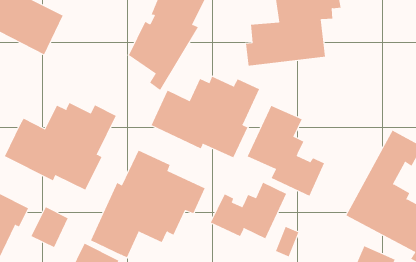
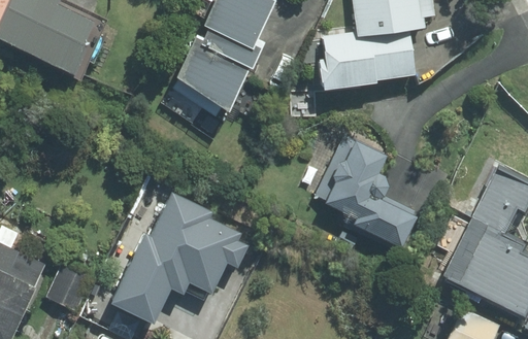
building: [151,76,260,158] -> none
building: [4,102,117,190] -> none
building: [210,182,287,239] -> none

